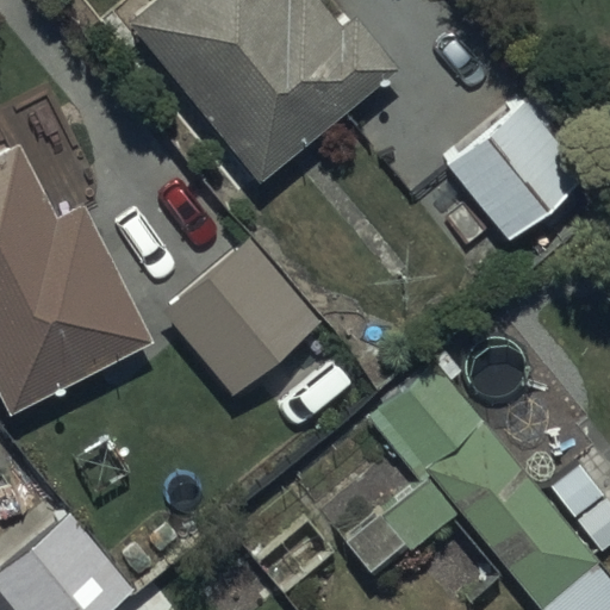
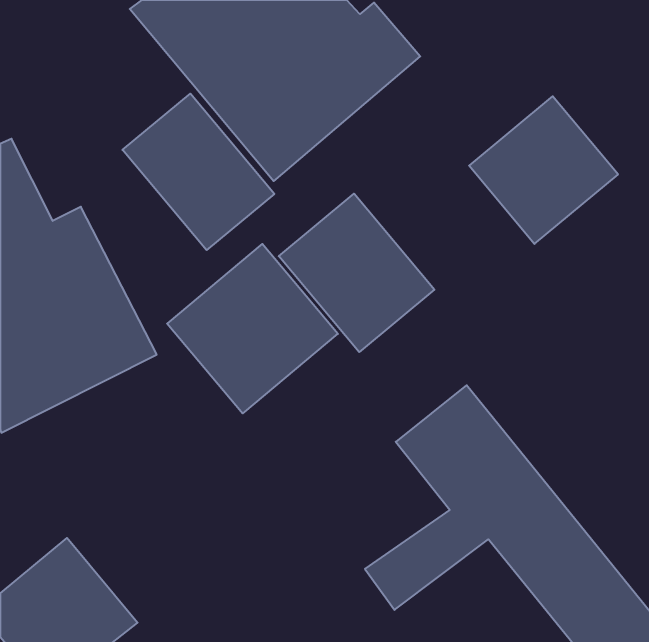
building: none -> [122,94,274,250]
building: none -> [279,194,434,352]

